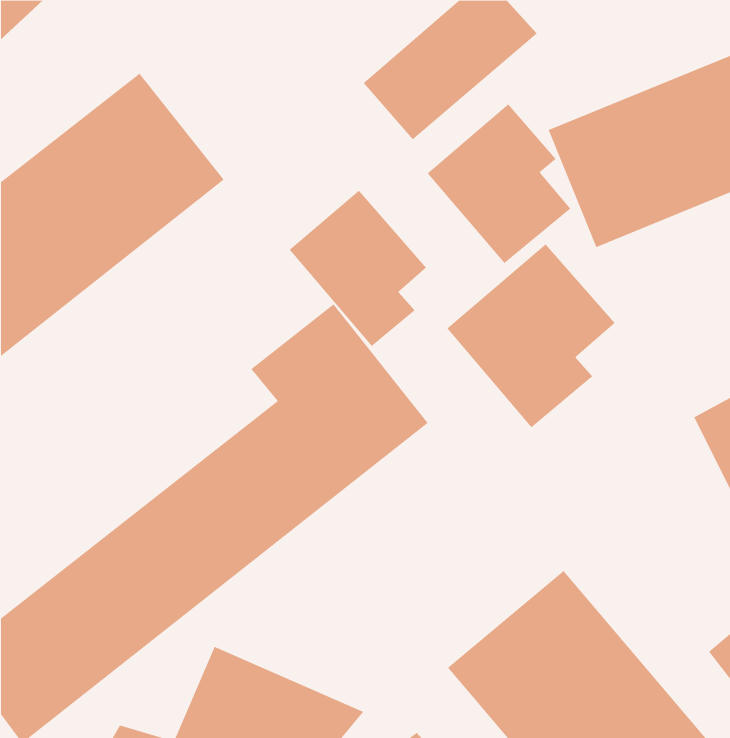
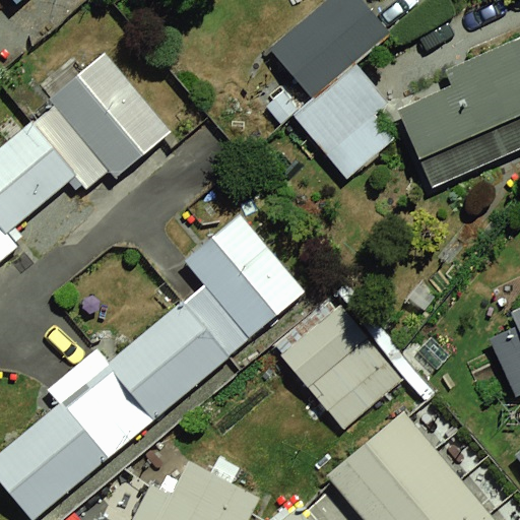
building: [289,190,427,347] -> none
building: [446,244,616,428] -> none
building: none -> [265,305,388,429]

